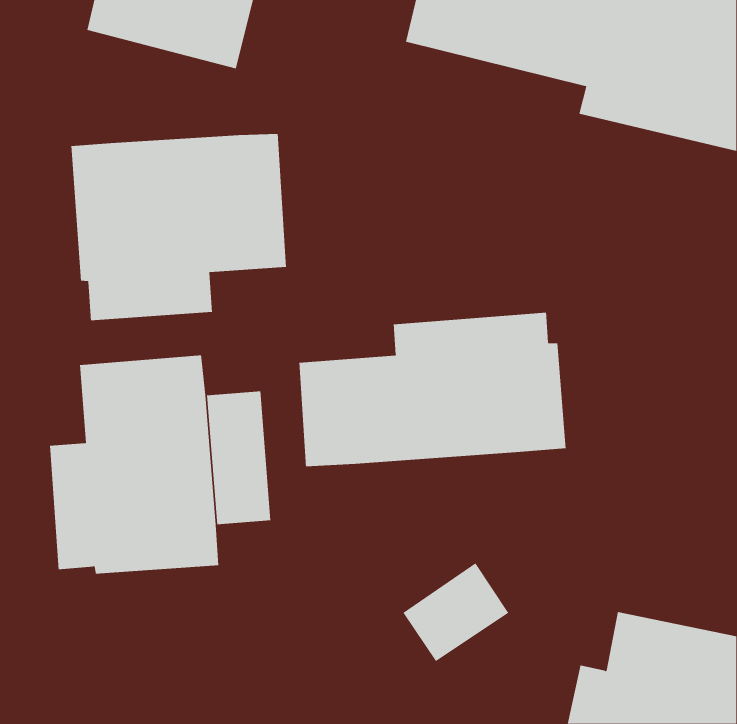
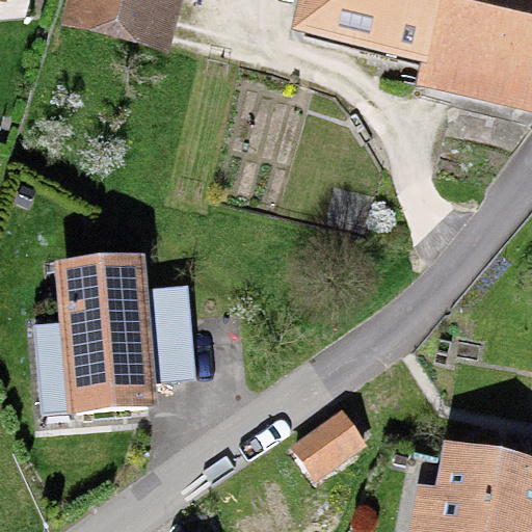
building: [71,133,287,321] -> none
building: [299,312,566,467] -> none

